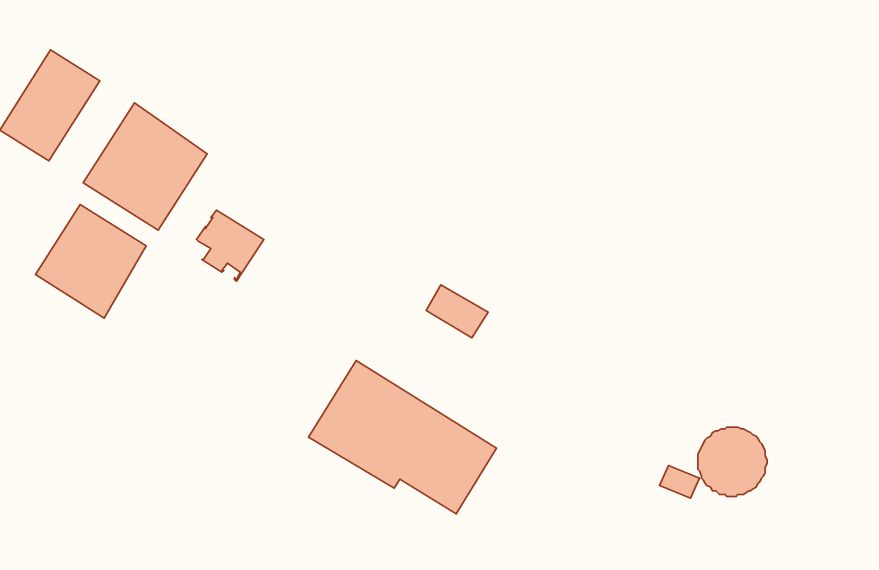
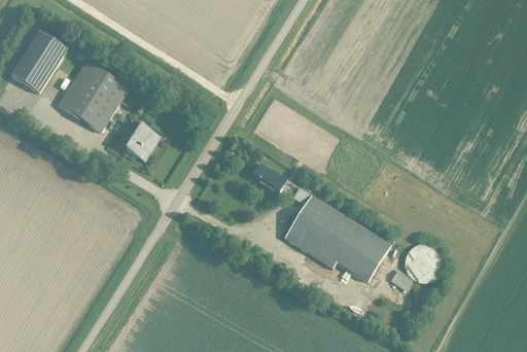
building: [35,204,146,318] -> none
building: [309,361,496,514] -> [284,195,390,281]

